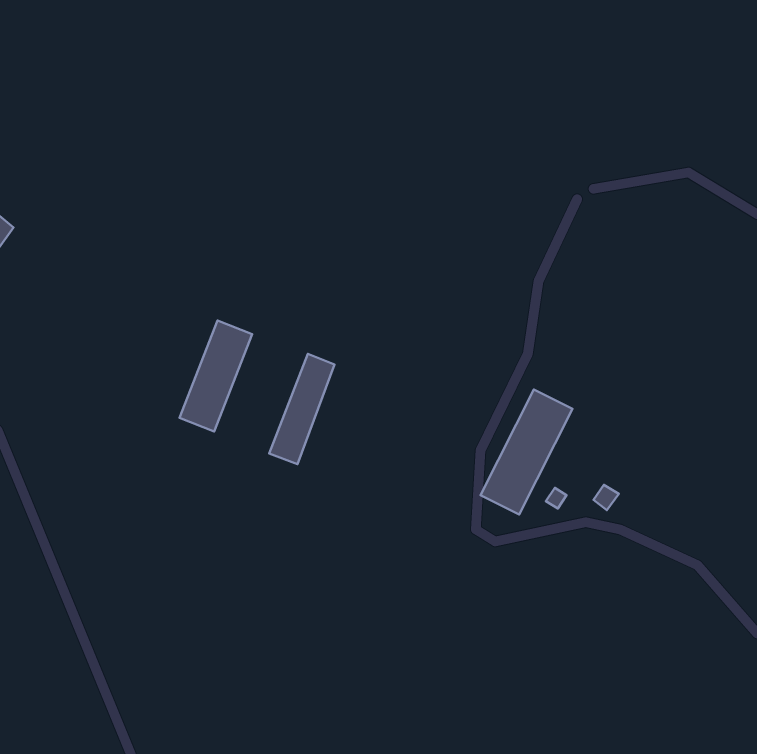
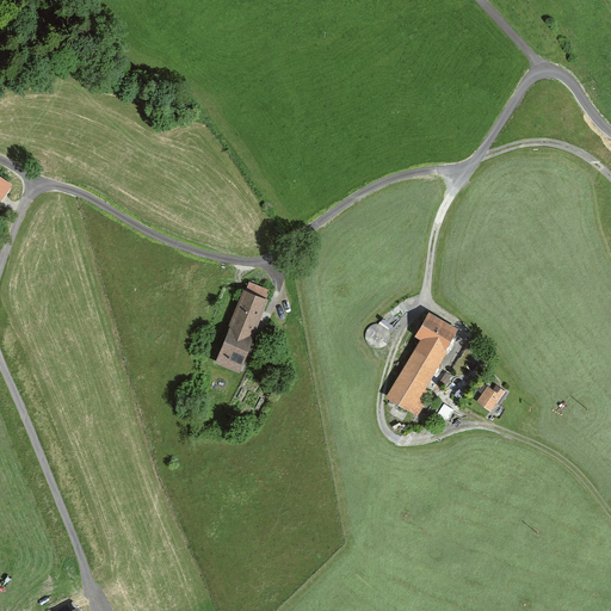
building: [180,320,252,431] -> none

